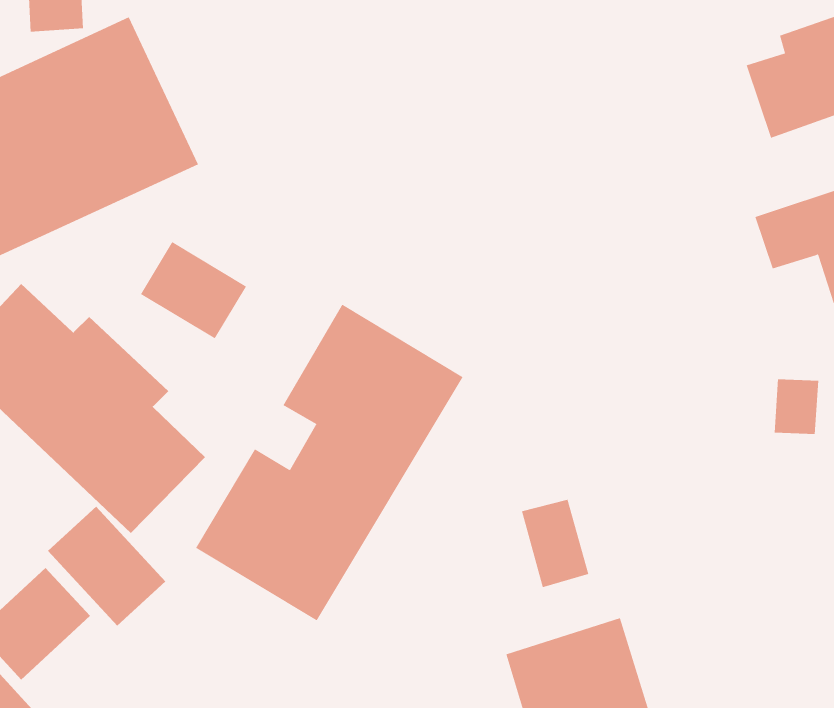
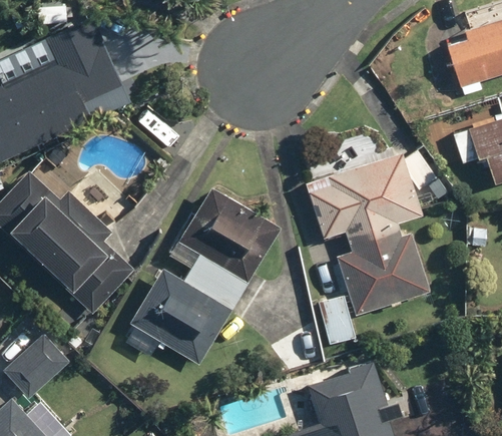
building: [140,241,247,339] -> none
building: none -> [309,152,431,316]
building: [47,506,166,627] -> none

